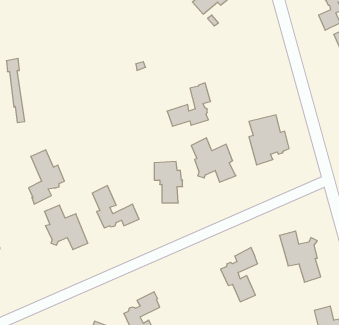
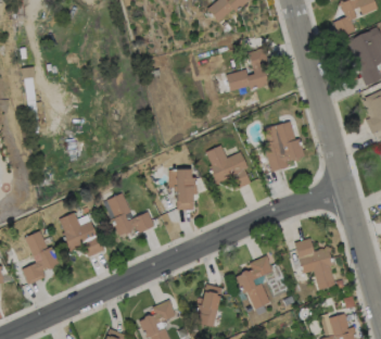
building: [167,83,211,126] -> [226,47,269,90]
building: [29,150,64,204] -> [23,230,59,285]
building: none -> [195,284,221,326]

